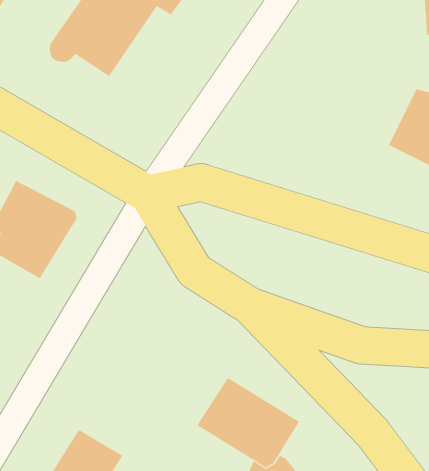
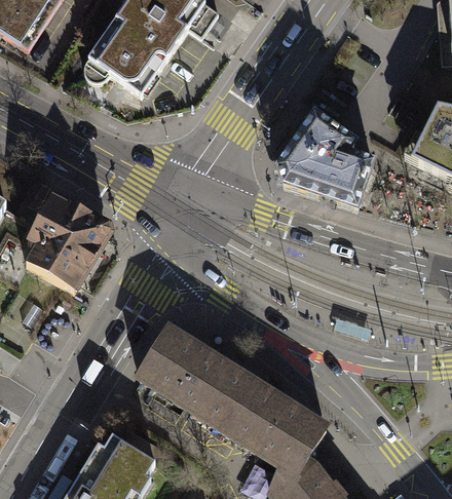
building: none -> [278,111,374,206]
building: none -> [140,327,257,428]

